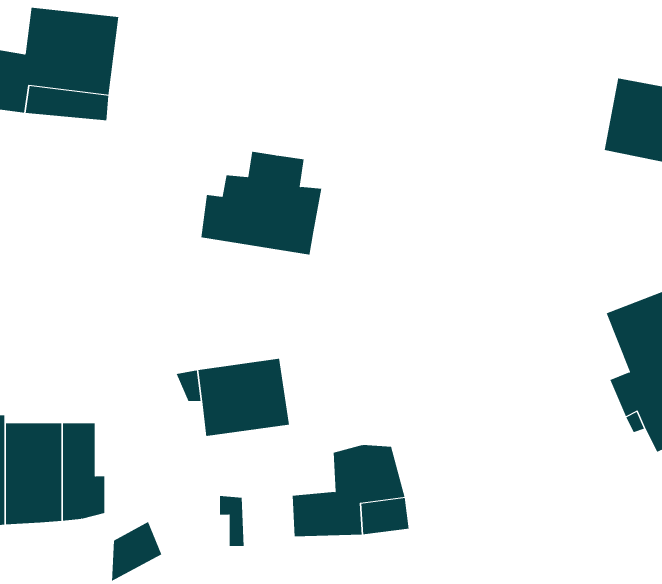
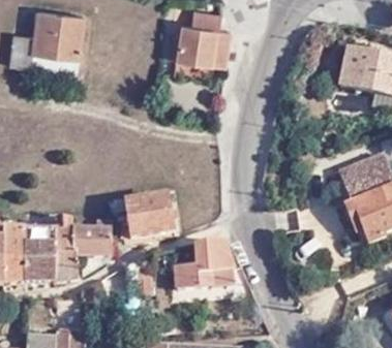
building: [200,151,322,255] -> [168,9,232,64]
building: none -> [72,217,114,255]

